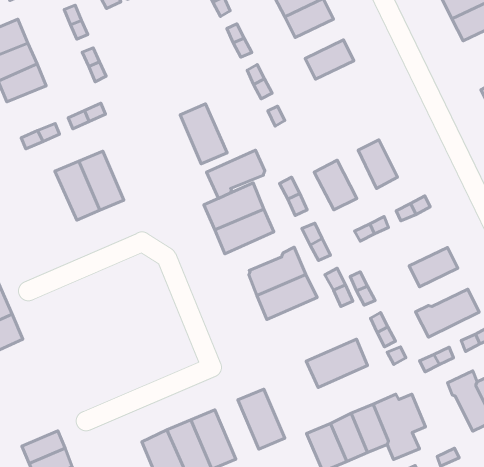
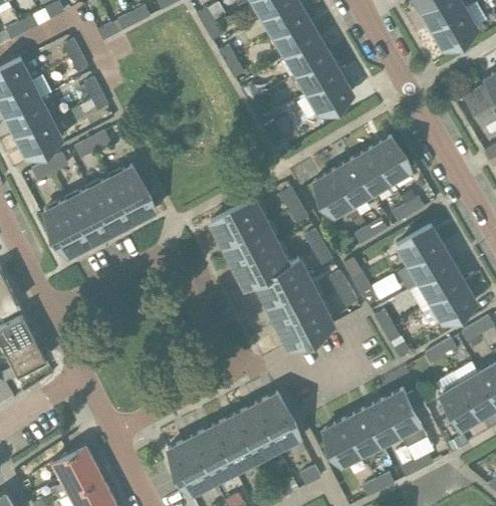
building: none -> [284,37,330,76]
building: none -> [306,75,353,116]
building: none -> [15,119,62,160]
building: [180,104,227,164] -> [109,166,157,223]
building: none -> [370,137,412,183]
building: none -> [332,160,371,206]
building: [206,150,265,198] -> [232,243,287,291]
building: none -> [42,200,89,258]
building: none -> [396,225,443,266]
building: none -> [419,265,465,303]
building: [306,339,367,387] -> [276,302,334,350]
building: none -> [438,386,479,432]
building: none -> [233,405,277,461]

